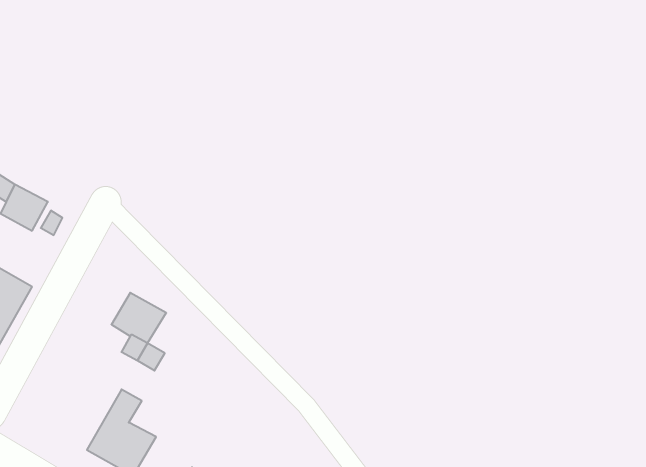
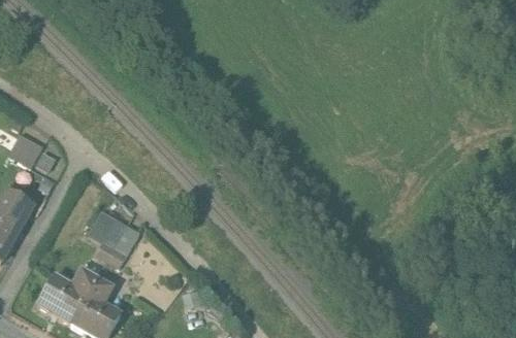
building: none -> [38,271,96,323]

